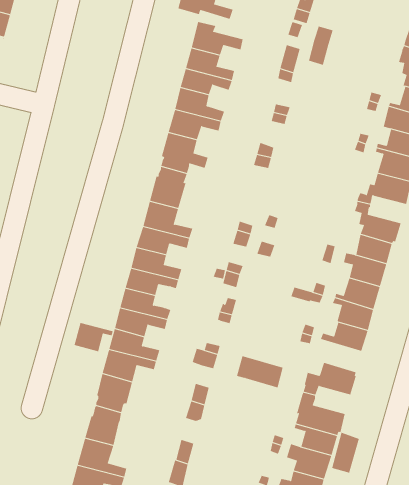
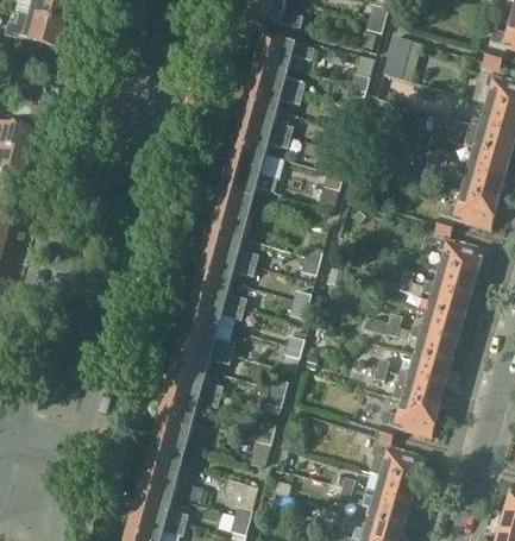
building: [74,322,113,352] -> none
building: [236,355,283,388] -> [391,376,442,411]
building: [332,432,359,474] -> none

